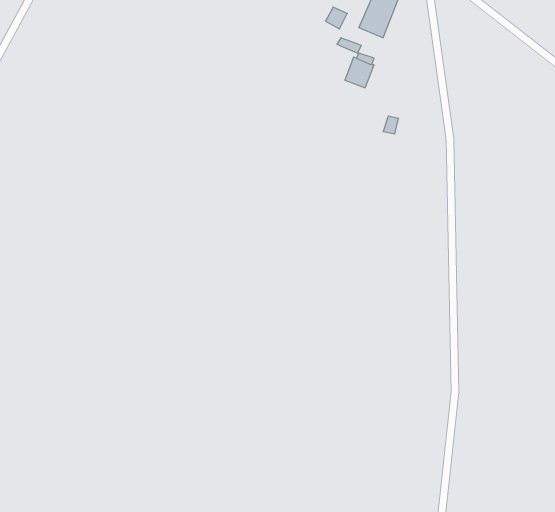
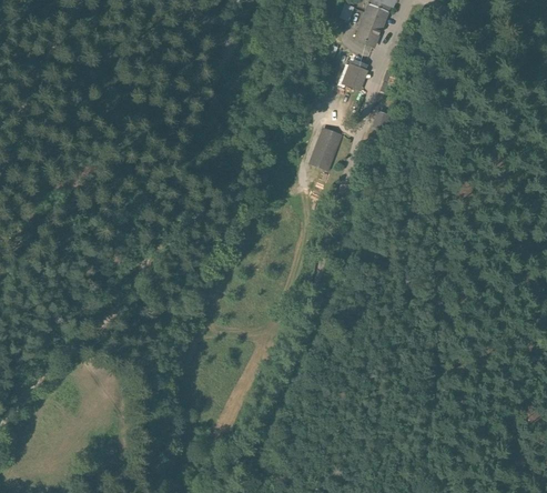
building: none -> [310,130,338,169]

